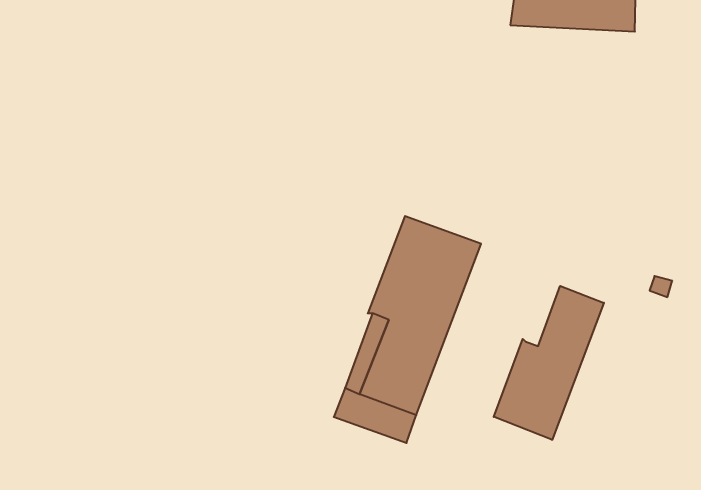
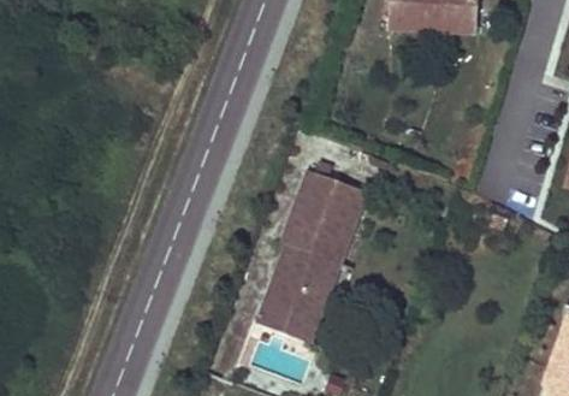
building: [494,286,604,440] -> none

